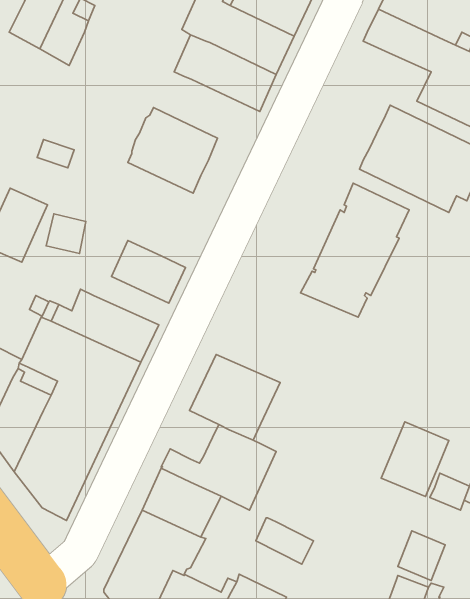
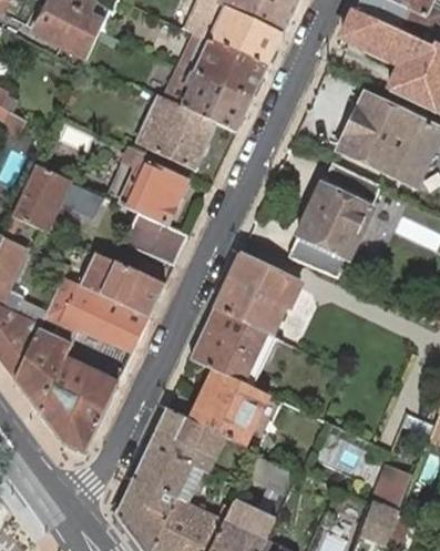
building: none -> [178,68,250,131]
building: none -> [119,146,185,224]
building: none -> [213,254,299,335]
building: [381,422,449,497] -> none

